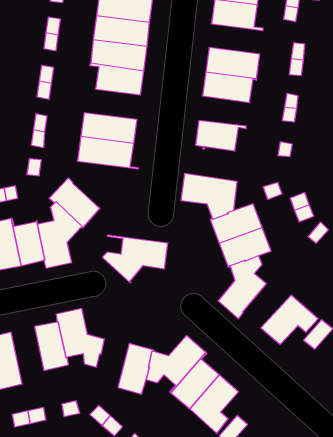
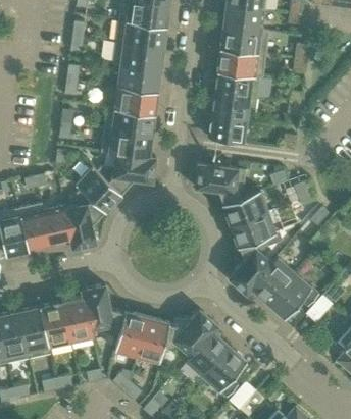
building: none -> [220,27,269,54]
building: none -> [107,86,158,113]
building: none -> [211,92,257,119]
building: [103,235,168,282] -> [97,151,156,194]
building: none -> [251,256,295,302]
building: none -> [41,301,70,353]
building: none -> [114,311,148,356]

